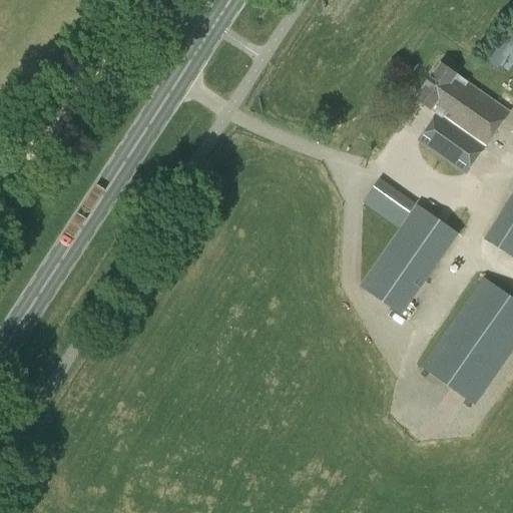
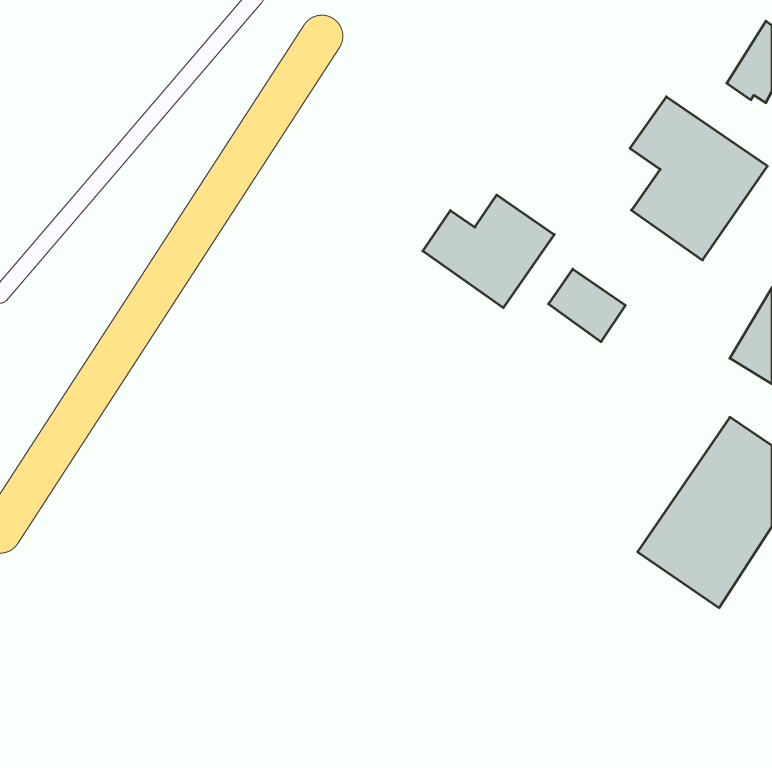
building: none -> [423,195,554,308]
building: [362,204,457,313] -> none

